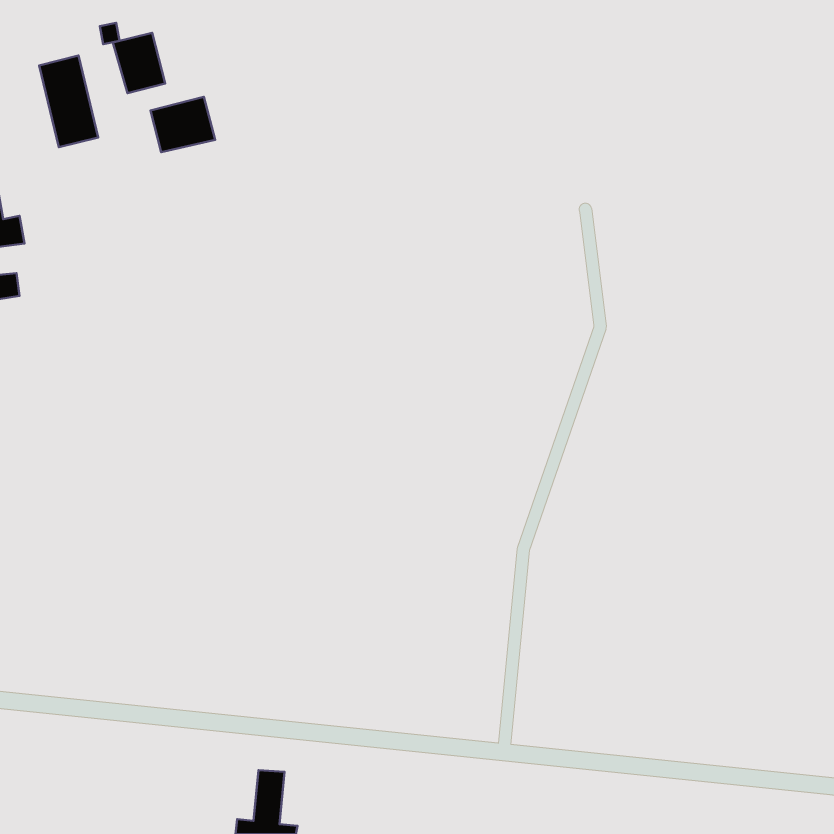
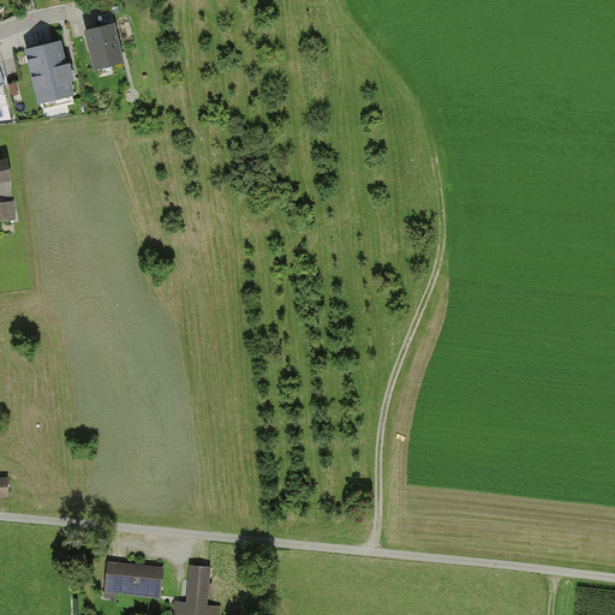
building: [151,97,215,152] -> none
building: none -> [105,563,161,596]

